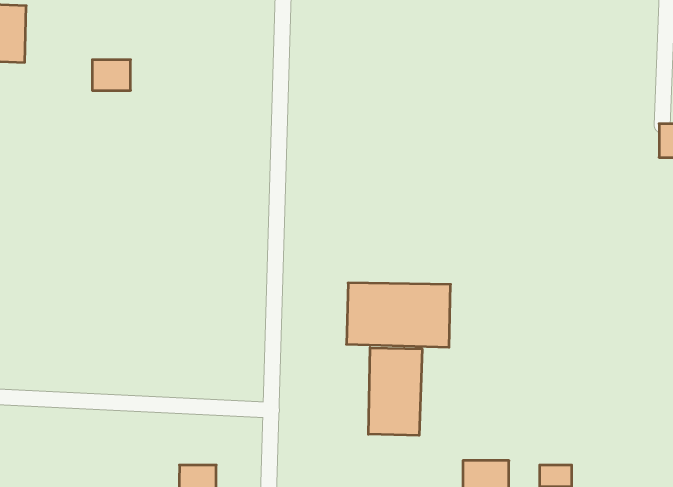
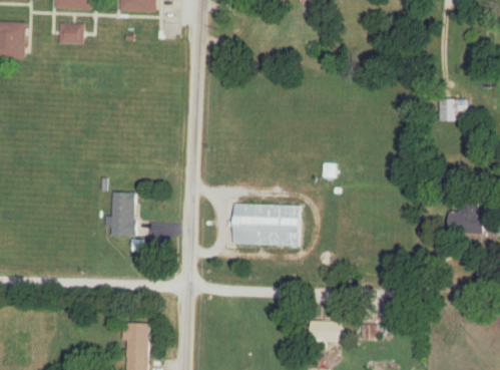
building: [92,60,131,90] -> [57,23,82,43]
building: none -> [107,192,135,236]
building: [368,348,422,435] -> none

